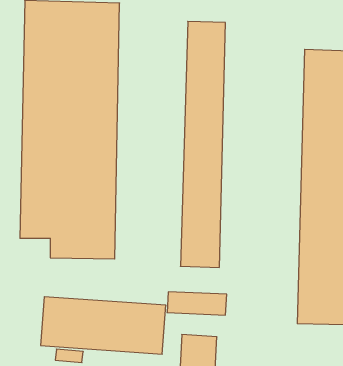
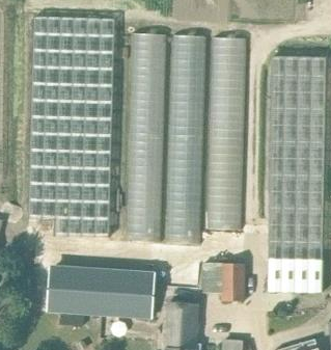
building: none -> [127,32,166,241]
building: none -> [208,37,245,230]
building: none -> [221,263,245,301]

